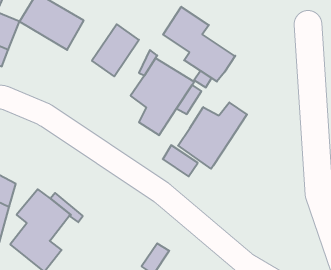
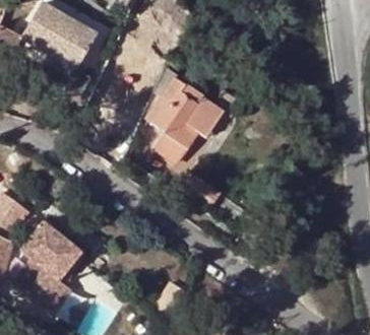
building: [163,7,235,82] -> none
building: [178,102,247,169] -> none

